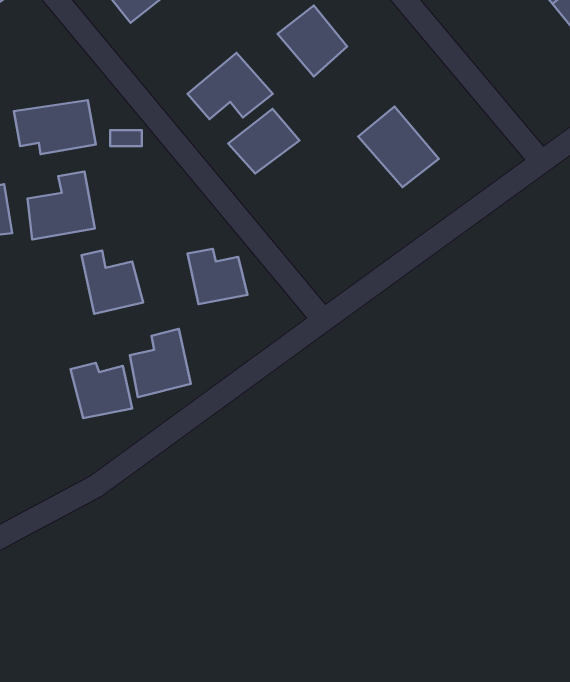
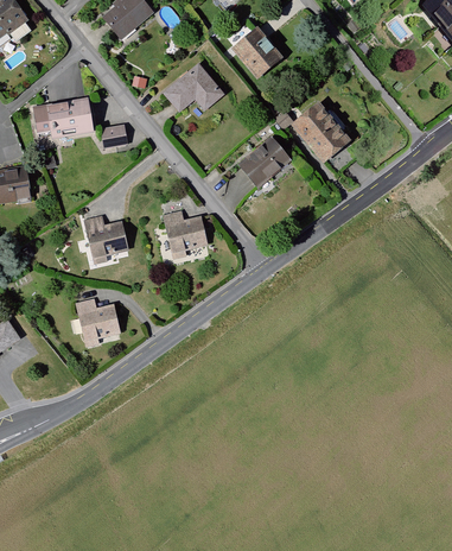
building: [228,109,299,174] -> [237,138,291,186]
building: [28,172,95,239] -> none
building: [130,329,191,397] -> none

